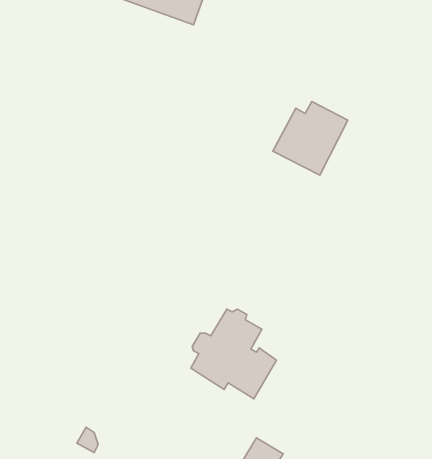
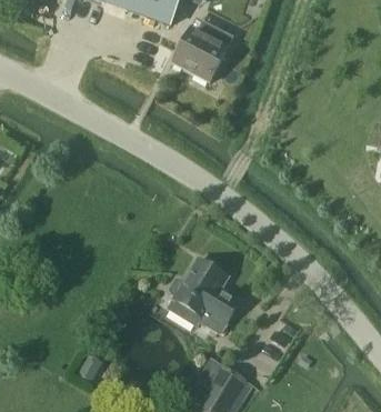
building: [273,102,348,175] -> [170,19,232,80]

